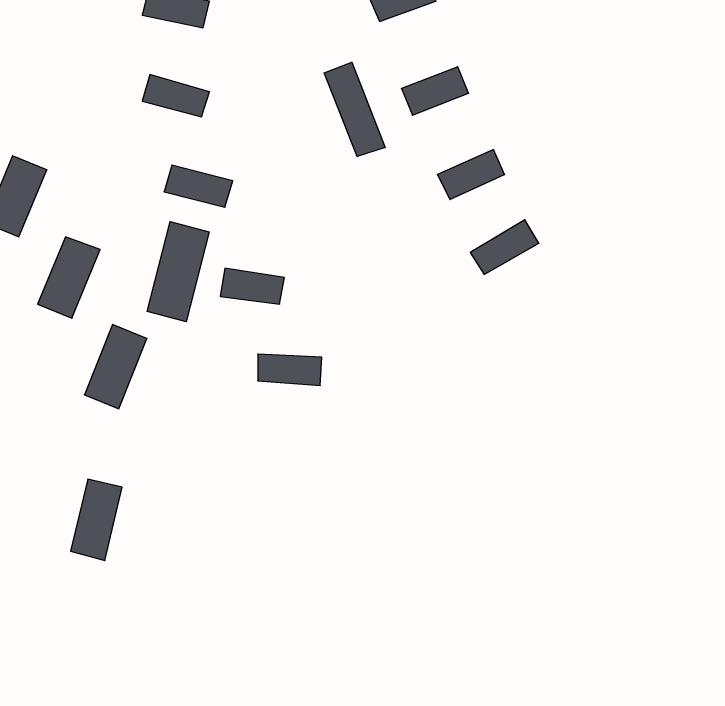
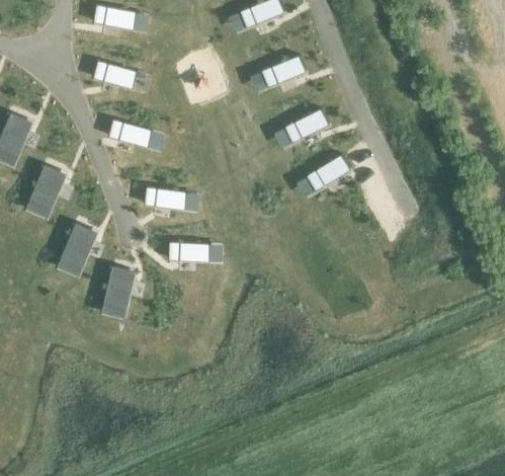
building: [324,62,385,157] -> none
building: [147,222,209,322] -> none
building: [71,479,122,561] -> [101,266,135,319]

